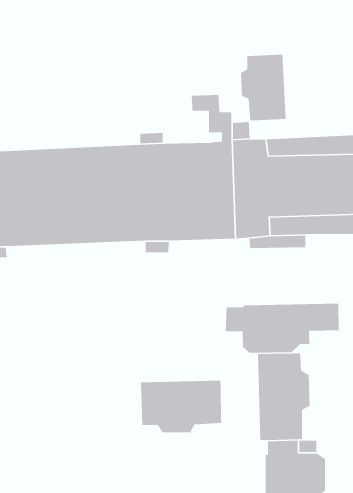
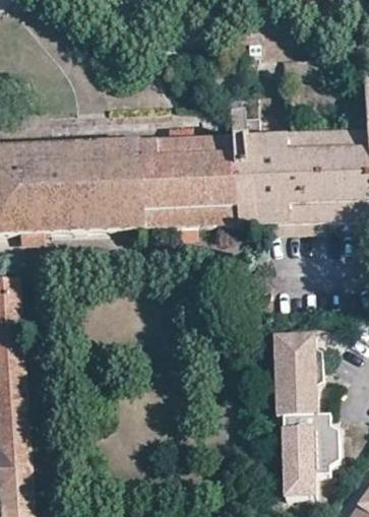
building: [240,54,286,121] -> none
building: [225,303,340,354] -> none
building: [140,380,222,433] -> none

